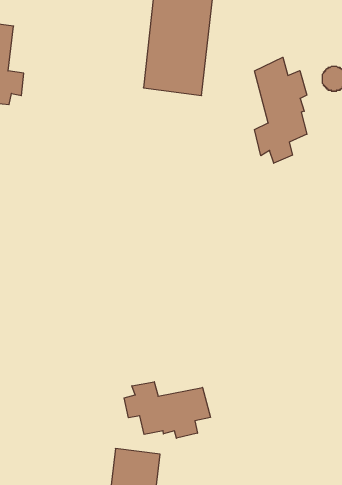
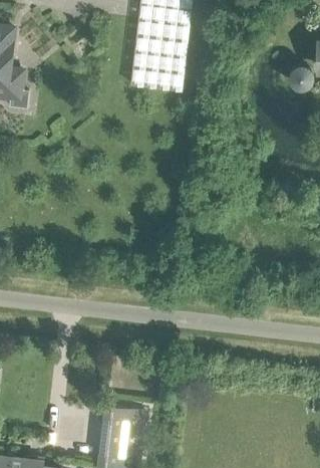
building: [255,57,307,163] -> none
building: [124,382,210,438] -> none

